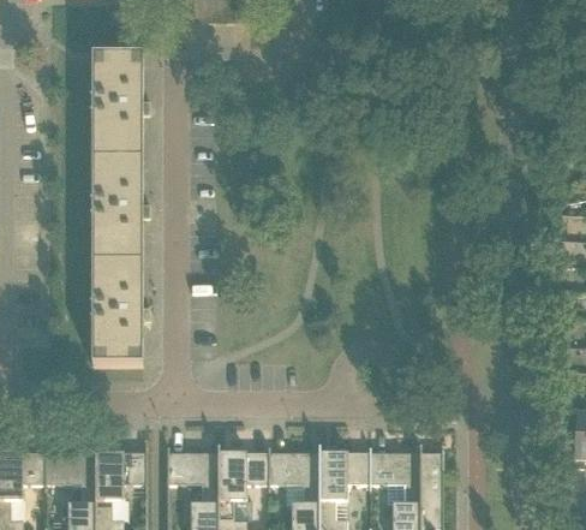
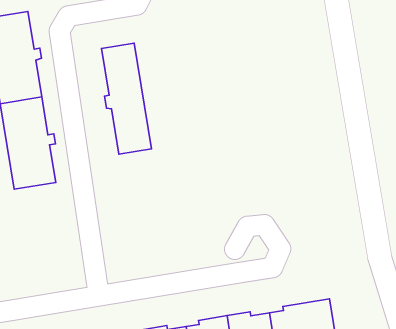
building: none -> [102,43,152,154]
building: [91,262,149,365] -> none

